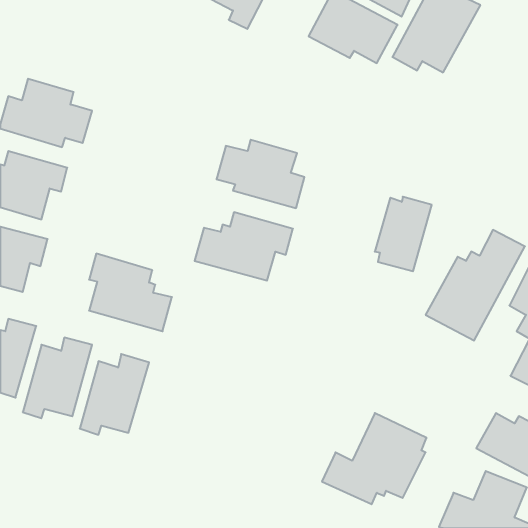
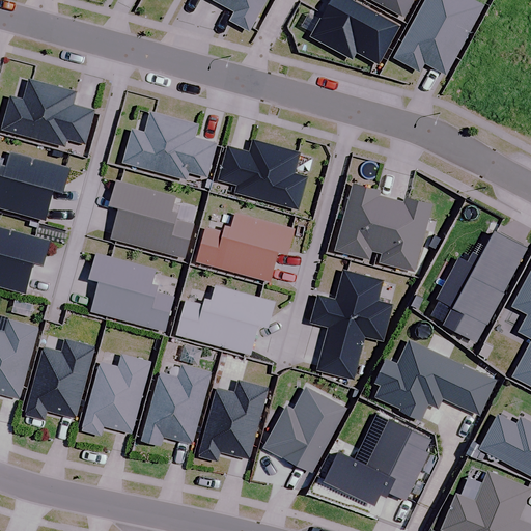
building: none -> [123,111,216,178]
building: none -> [110,180,193,258]
building: none -> [334,183,392,259]
building: none -> [311,270,391,379]
building: none -> [175,285,274,355]
building: none -> [374,340,496,420]
building: none -> [140,364,211,445]
building: none -> [197,381,268,460]
building: none -> [266,387,345,471]

